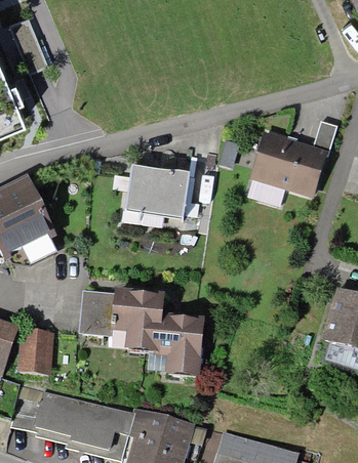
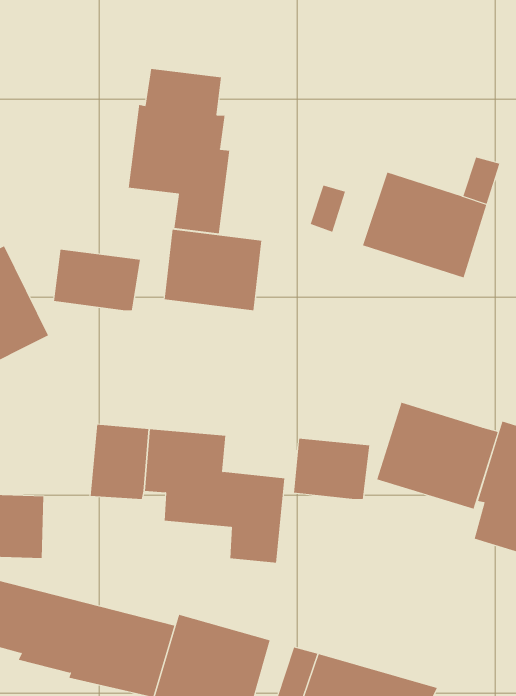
building: none -> [128,68,230,234]
building: none -> [54,249,140,311]
building: none -> [377,402,498,510]
building: none -> [294,438,370,500]

